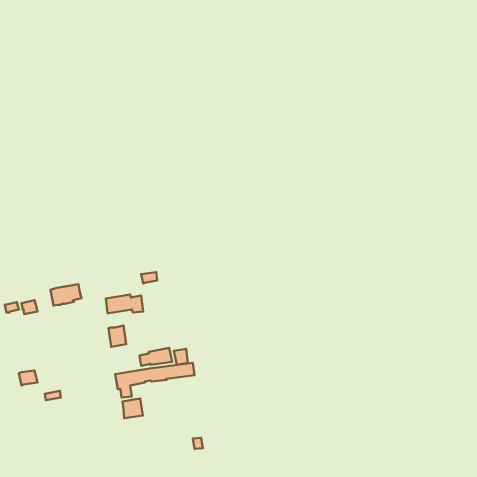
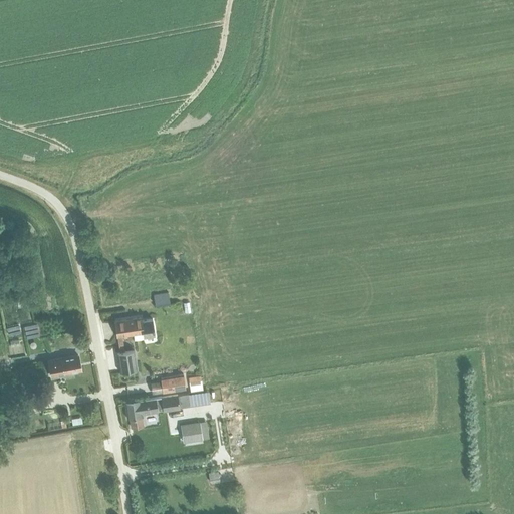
building: [51,284,81,306] -> [47,355,80,378]
building: [122,399,143,418] -> [180,422,202,443]

